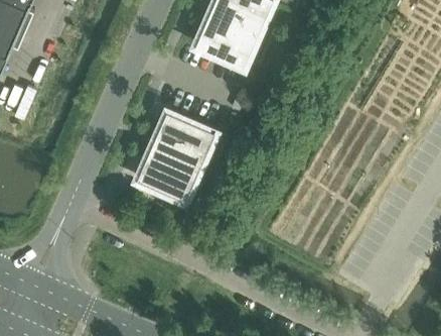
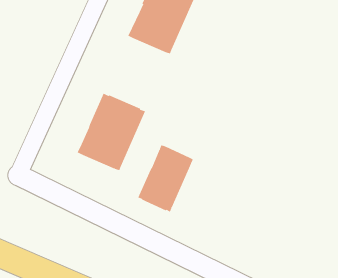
building: none -> [138,144,194,213]

